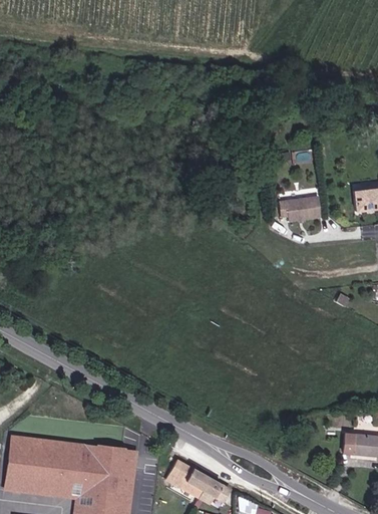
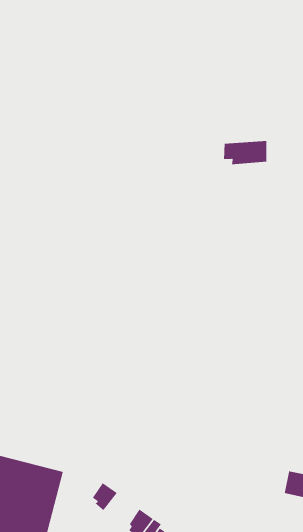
building: [280,197,321,223] -> [223,140,267,165]
building: [177,466,210,493] -> none

